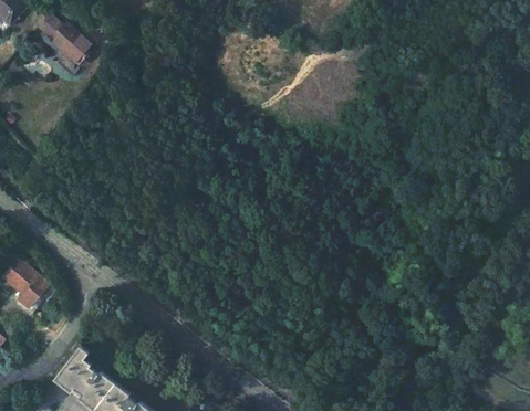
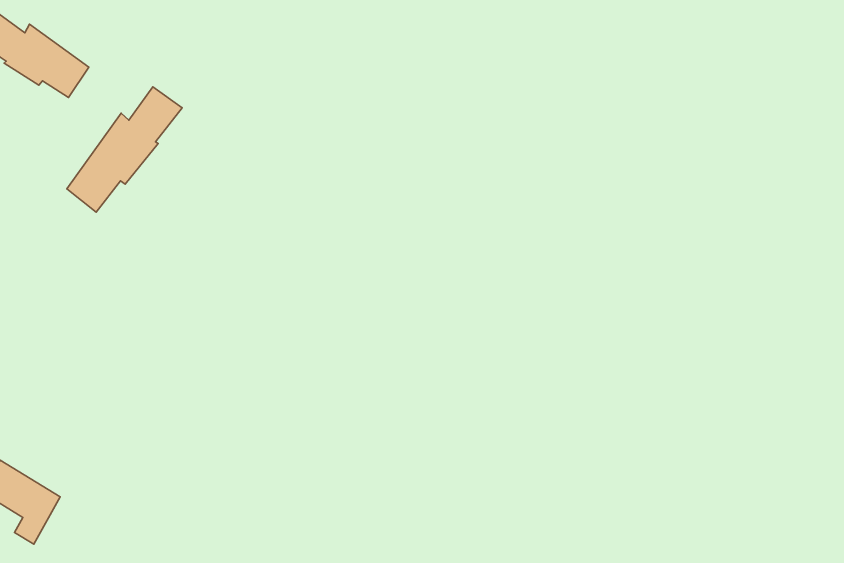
building: none -> [67,87,182,212]

